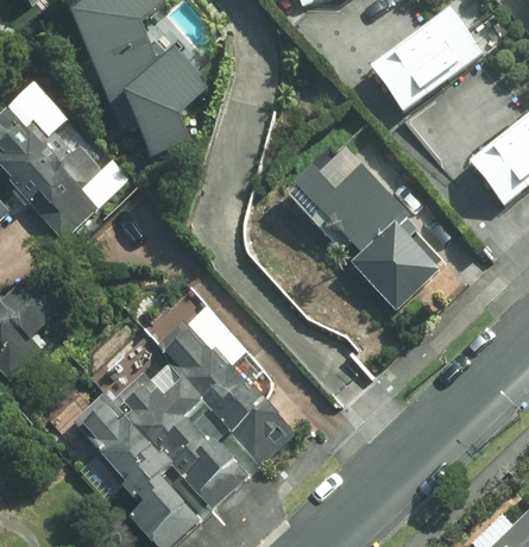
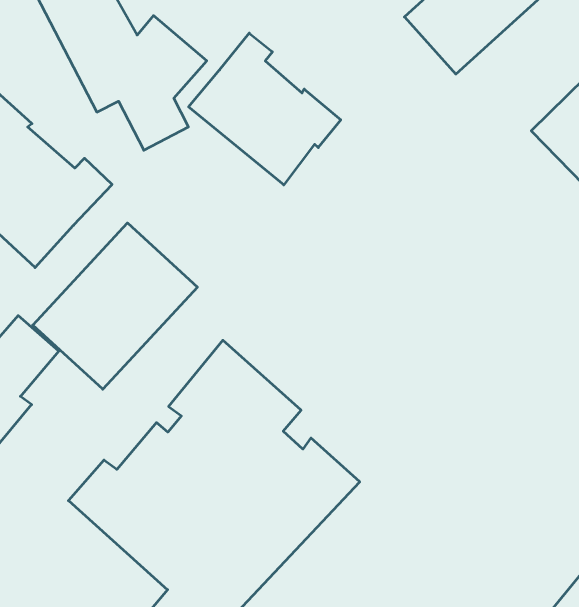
building: none -> [189,33,341,185]
building: [286,144,442,310] -> none
building: none -> [33,223,197,389]

